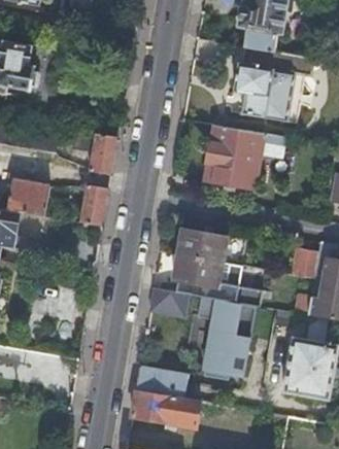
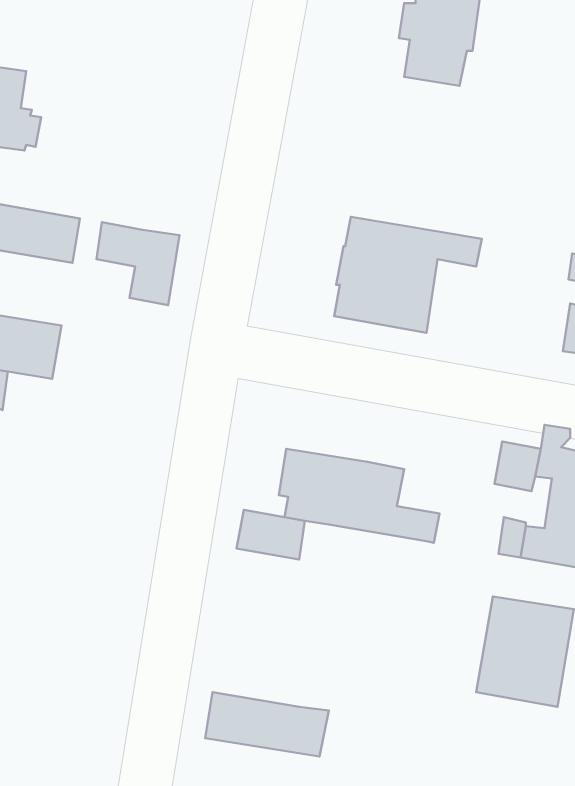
building: [233,47,313,123] -> none
building: [80,185,108,227] -> none
building: [176,230,226,263] -> none
building: [196,298,255,381] -> none
building: [135,368,187,400] -> none

